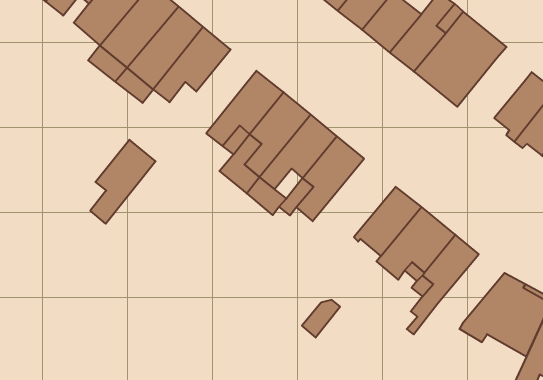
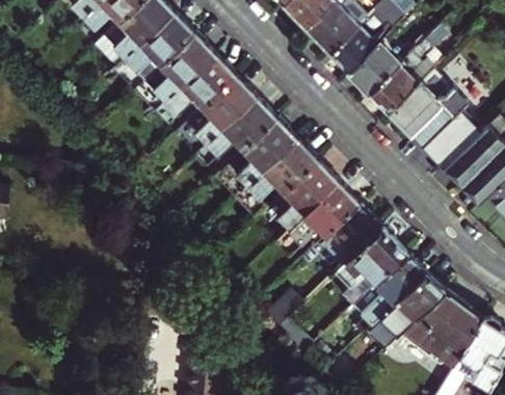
building: none -> [419,108,479,167]
building: [90,140,156,224] -> [192,74,253,142]
building: none -> [285,180,355,240]
building: none -> [382,272,442,330]

